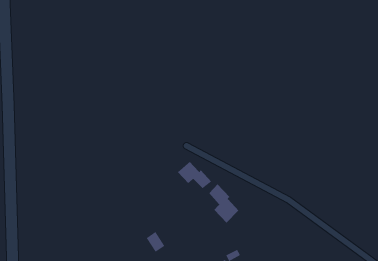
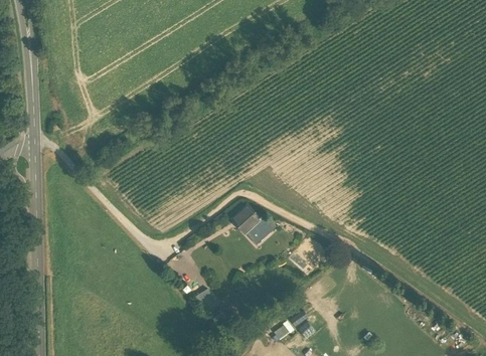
building: [209,184,239,223] -> none

